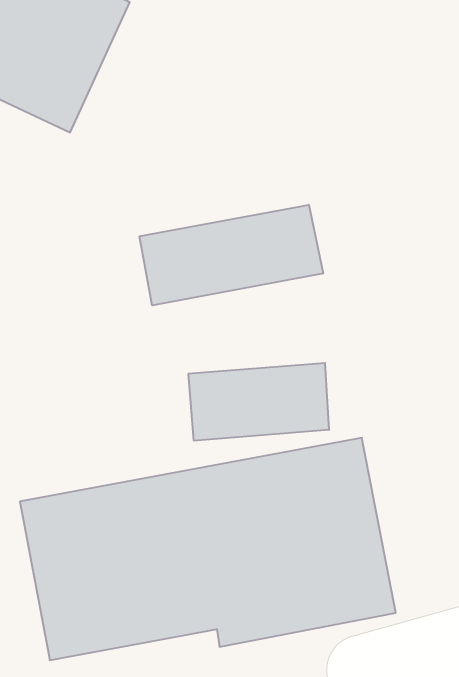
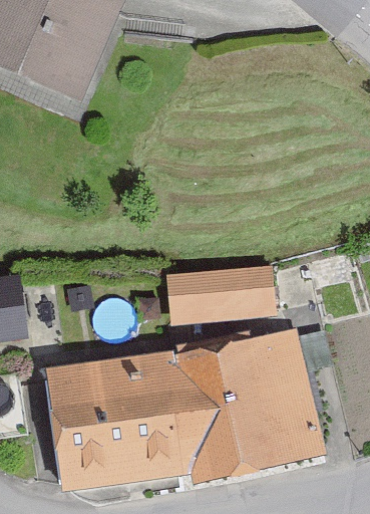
building: [140,205,323,305] -> none

